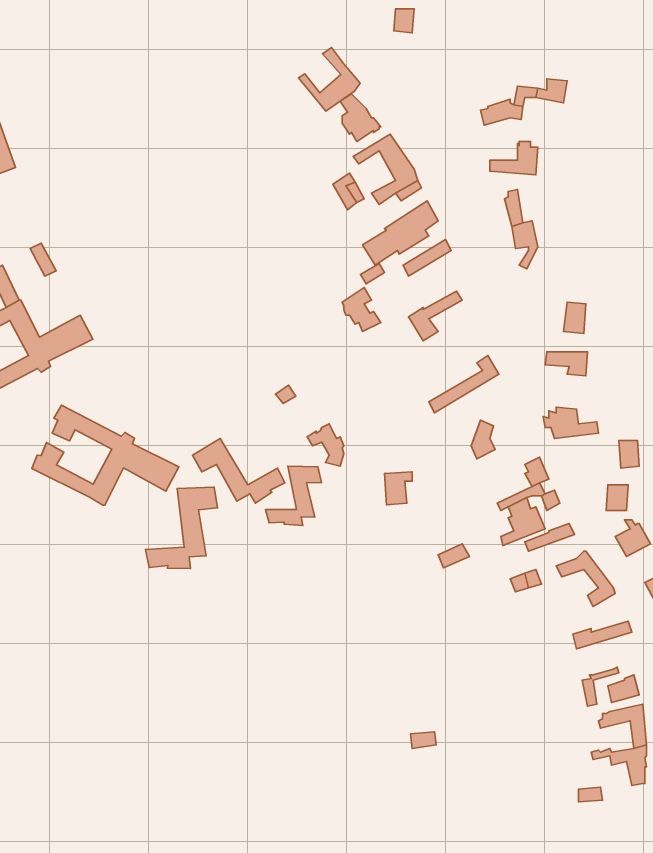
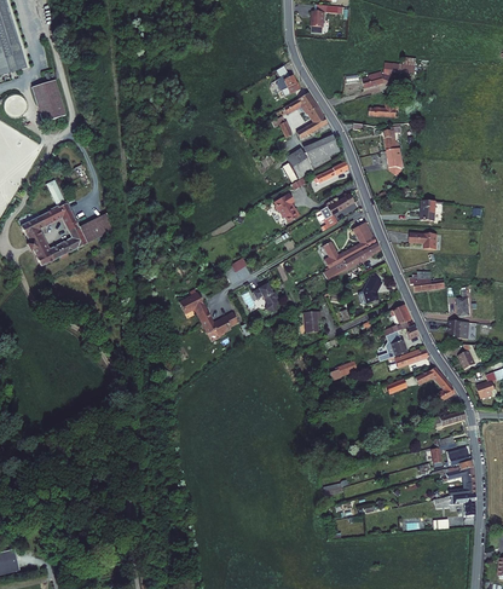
building: [299,47,360,111] -> none
building: none -> [322,225,371,270]
building: [32,405,179,505] -> none
building: [265,466,321,526] -> none
building: [146,487,217,568] -> none

